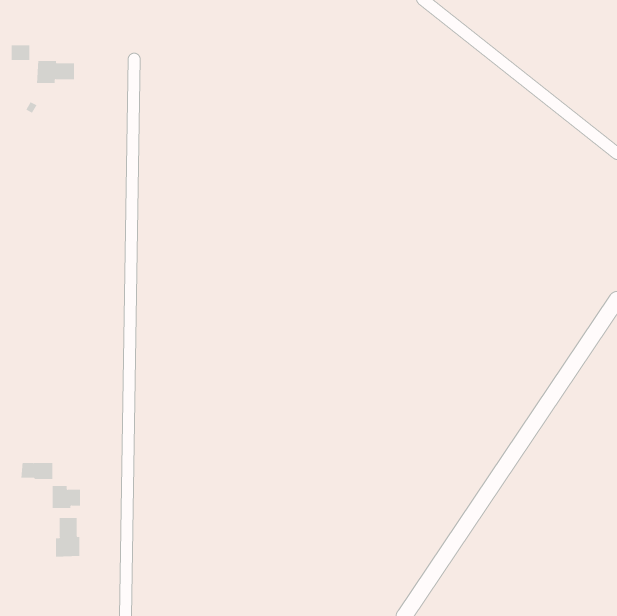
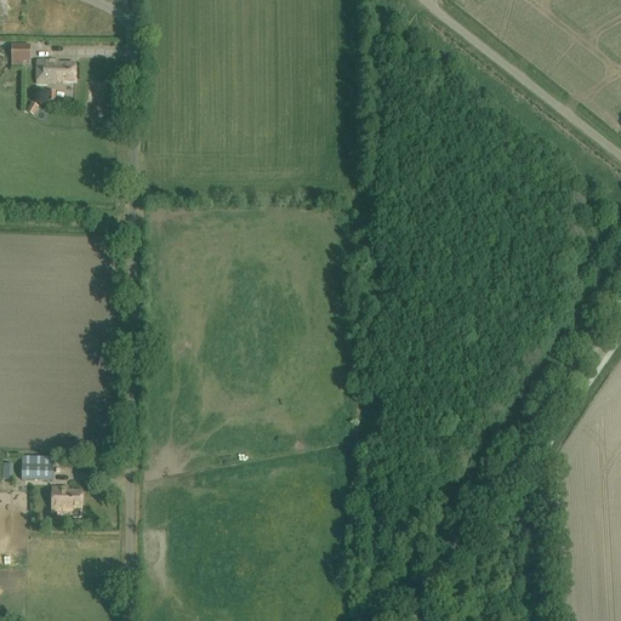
building: [55,517,80,558] -> none

